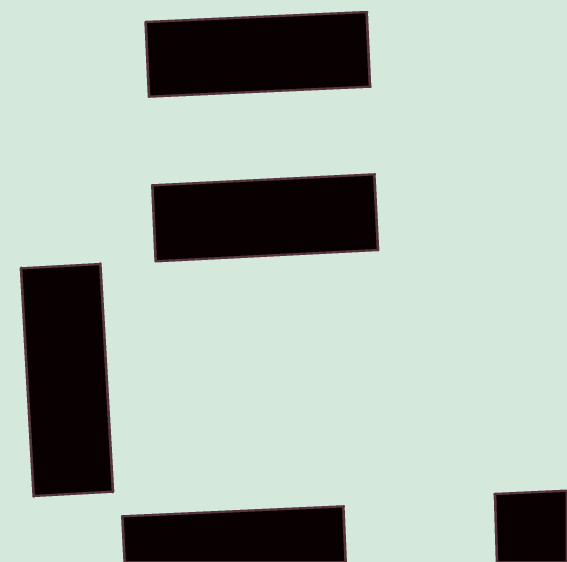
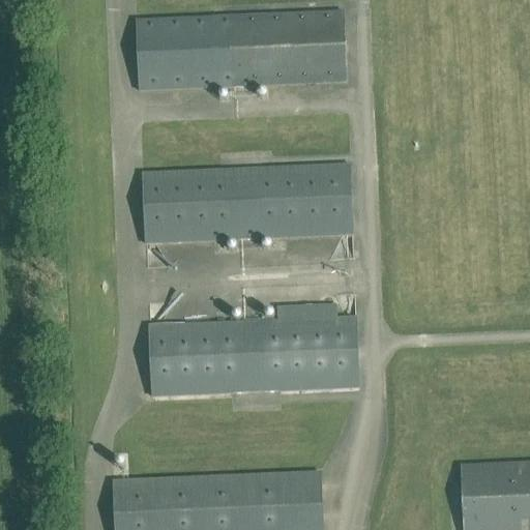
building: [21,264,113,496] -> none
building: none -> [148,299,359,396]

